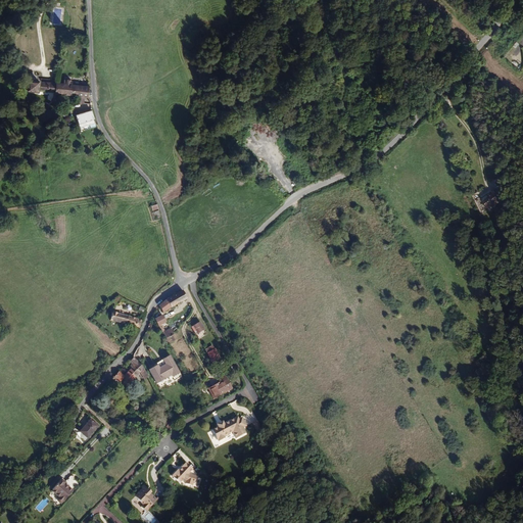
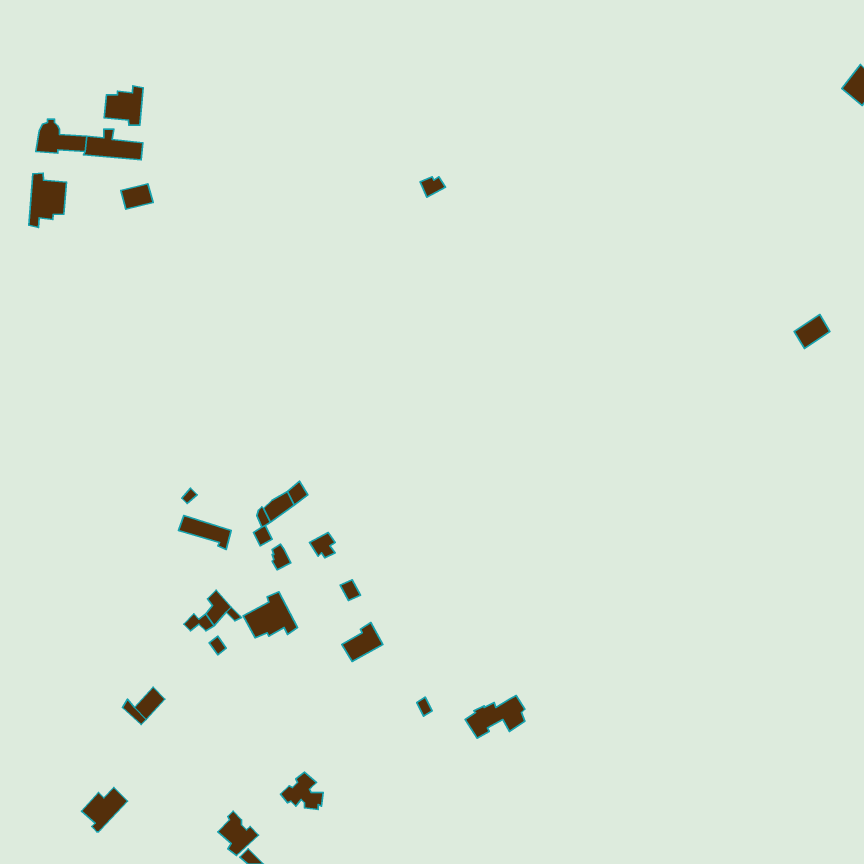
building: none -> [104,86,143,125]
building: none -> [29,173,66,227]
building: [211,417,247,442] -> [465,696,525,738]

